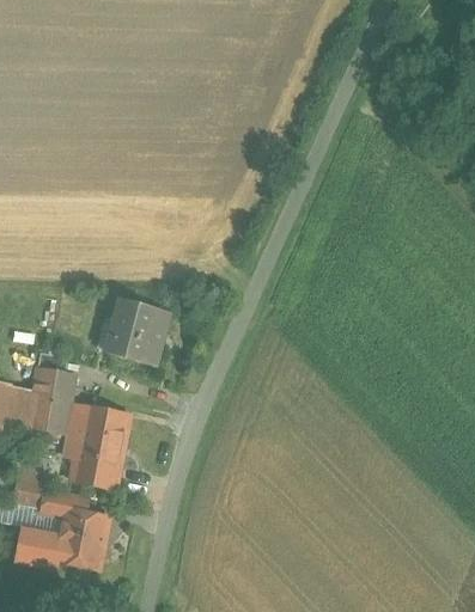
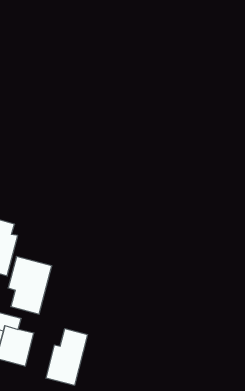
building: [106,299,168,363] -> none
building: none -> [46,329,87,385]

